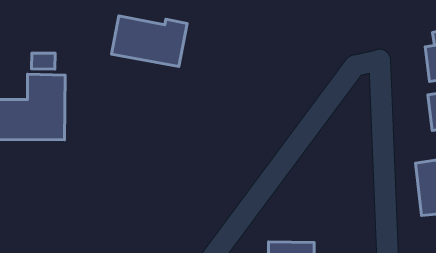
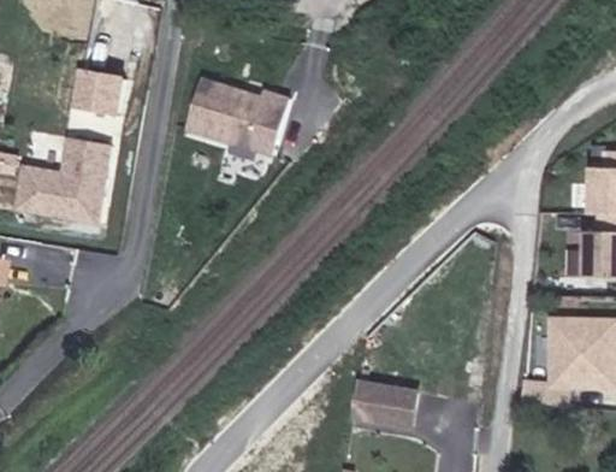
building: none -> [77,64,131,111]

